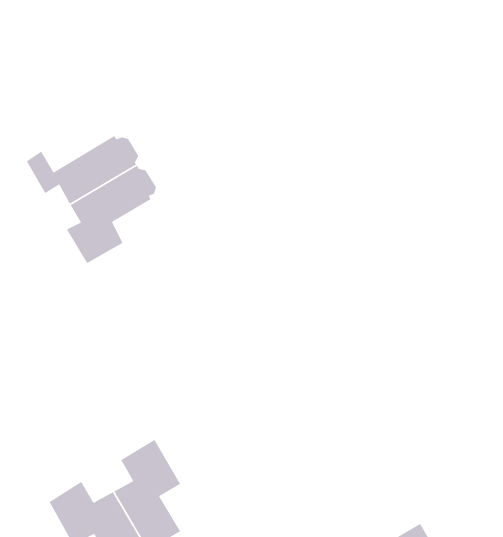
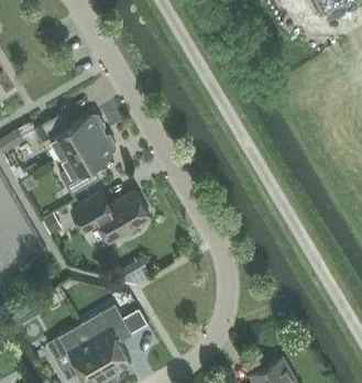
building: none -> [73,192,151,241]

